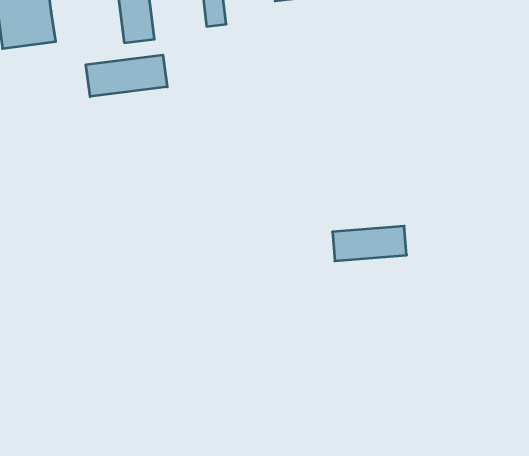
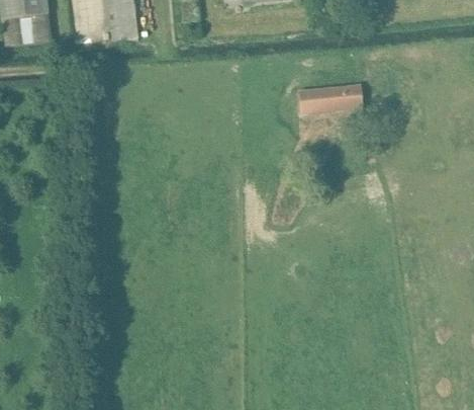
building: [86,55,167,97] -> none
building: [332,226,407,261] -> [297,83,362,113]

